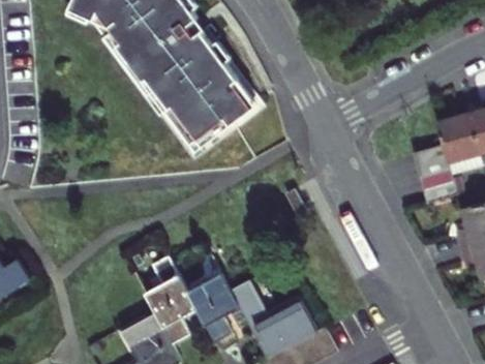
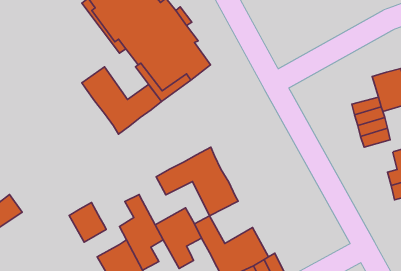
building: none -> [82,67,161,134]
building: none -> [156,147,238,216]
building: none -> [69,203,106,242]

